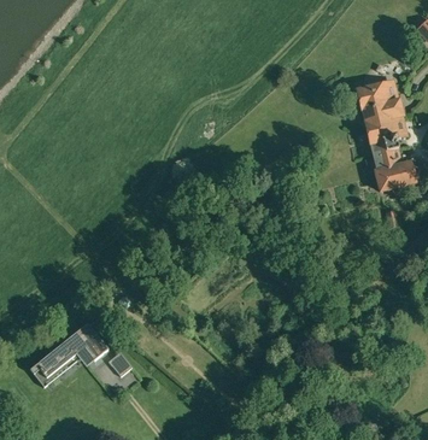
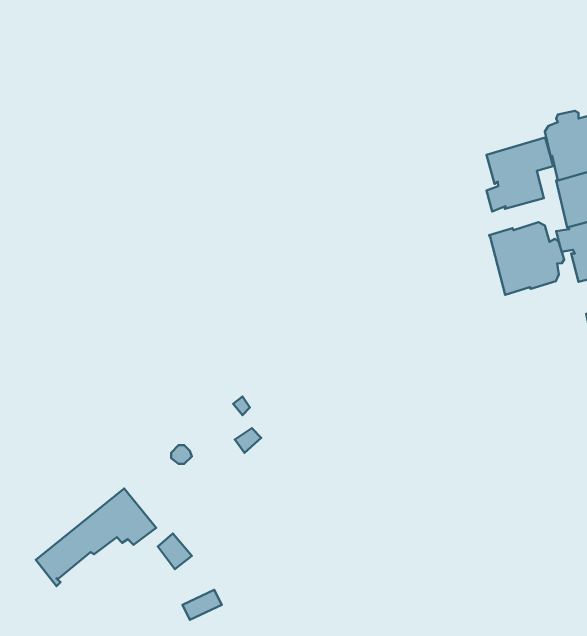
building: none -> [486,137,553,212]
building: none -> [489,222,564,295]

